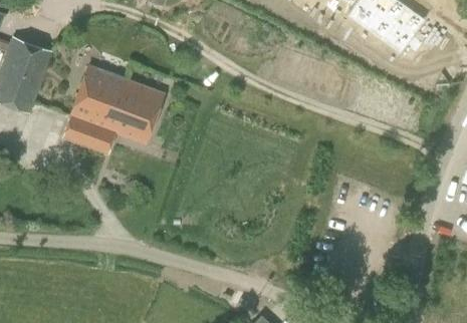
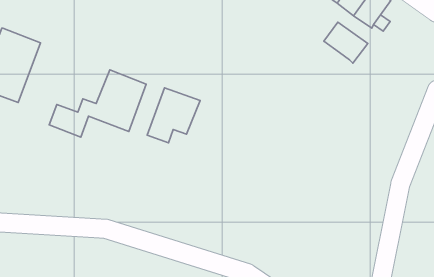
building: none -> [324,22,368,63]
building: [68,71,124,128] -> [147,88,200,143]

